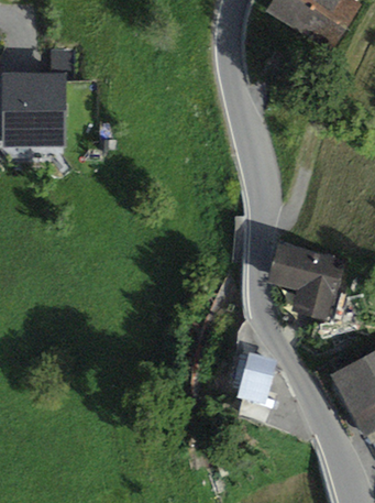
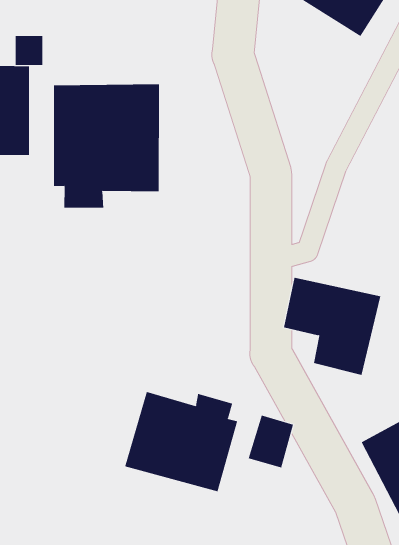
building: none -> [53,84,160,209]
building: none -> [125,391,238,492]

